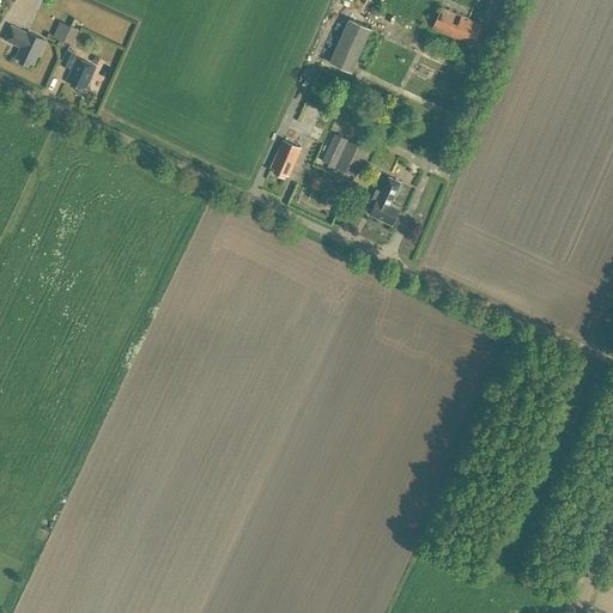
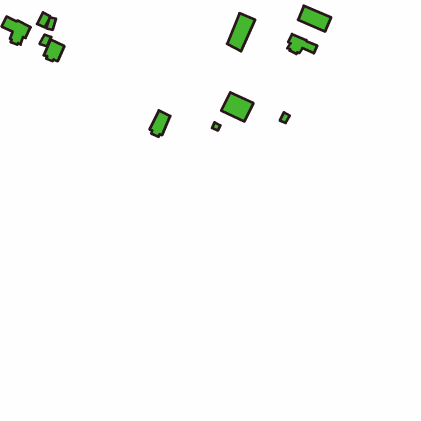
building: none -> [287,34,317,54]
building: [269,140,299,178] -> [150,110,170,137]
building: [366,177,399,225] -> none

